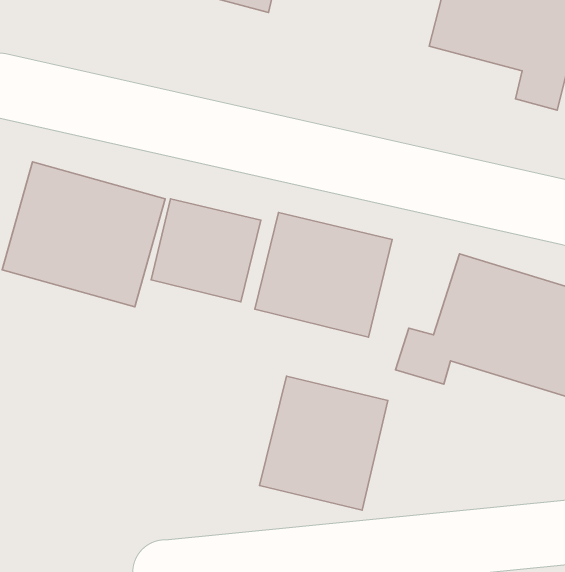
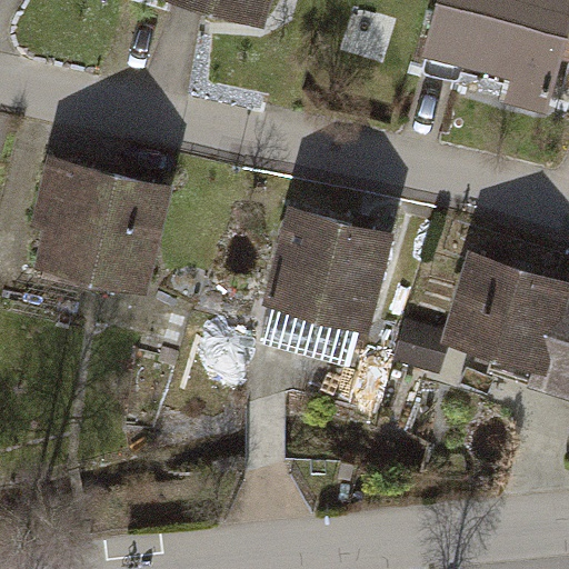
building: [151,199,261,302] -> none
building: [260,376,388,510] -> none

